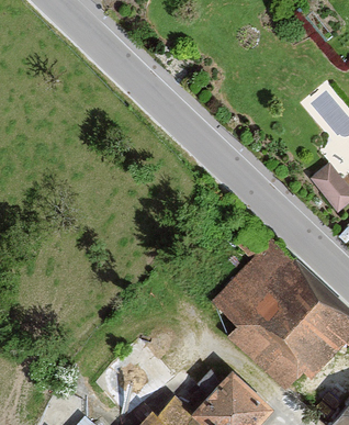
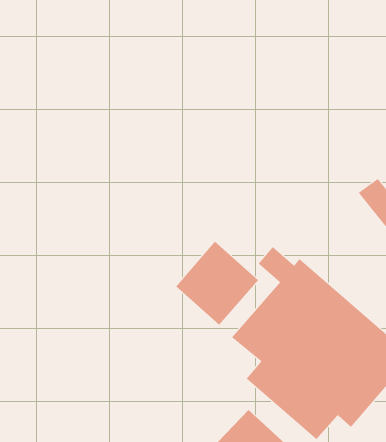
building: none -> [175,241,259,326]

